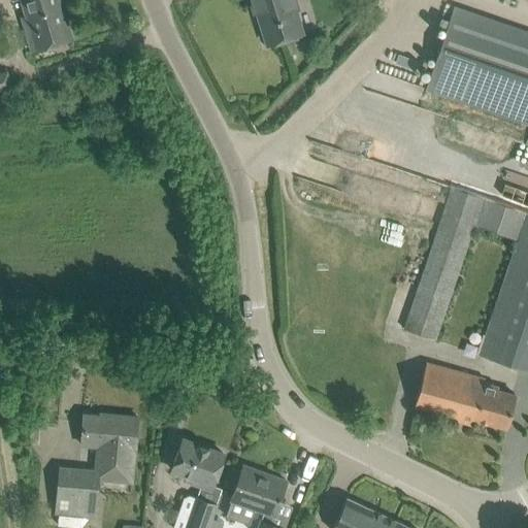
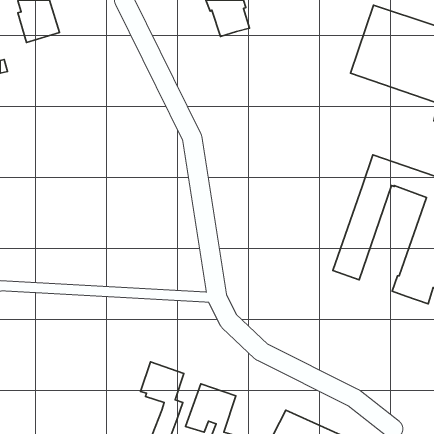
building: [415,363,516,428] -> none
building: [54,415,139,521] -> none

